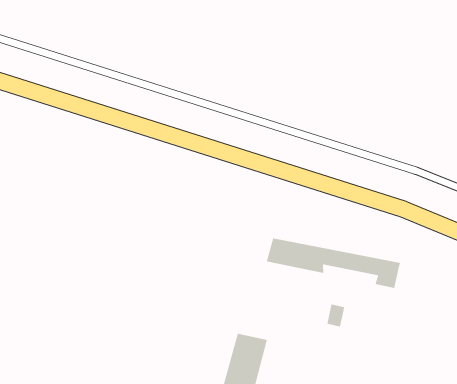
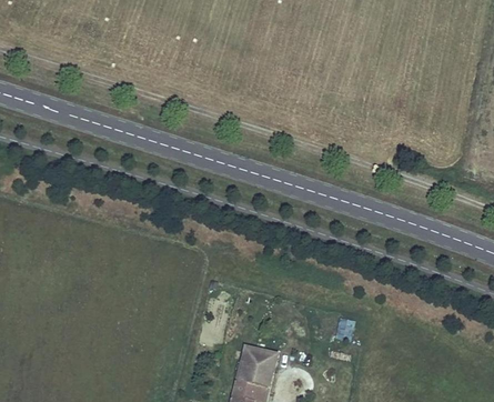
building: [266,237,401,289] -> none

